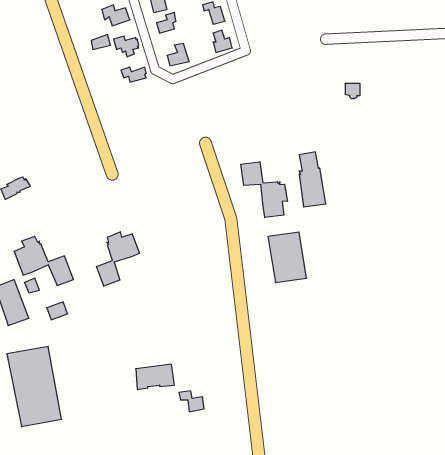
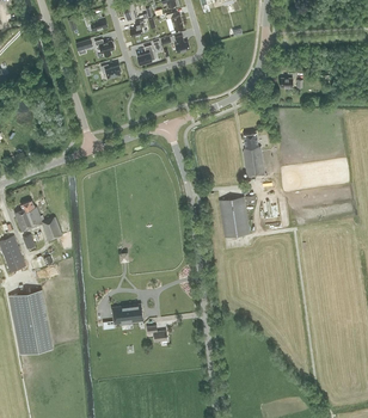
building: [241,162,287,218] -> none
building: [96,232,140,286] -> none

